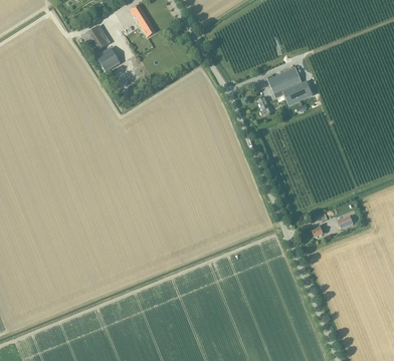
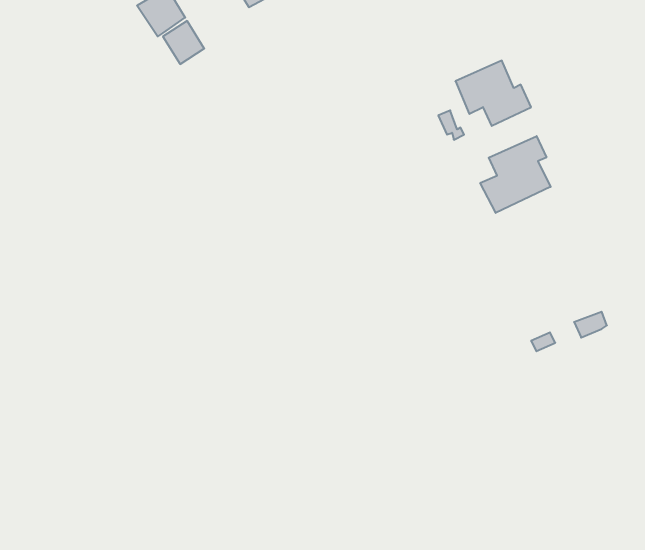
building: none -> [480,136,551,213]

